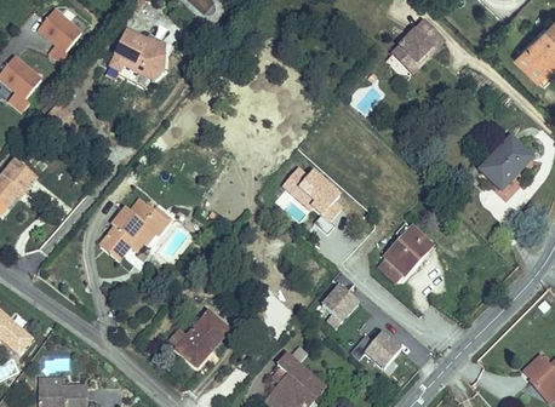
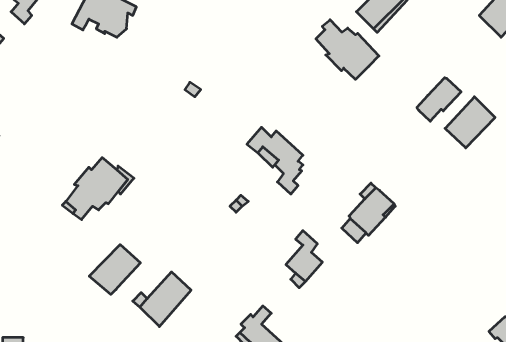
building: none -> [316,20,379,79]
building: none -> [417,78,461,121]
building: none -> [89,245,140,294]
building: [350,333,401,369] -> none

